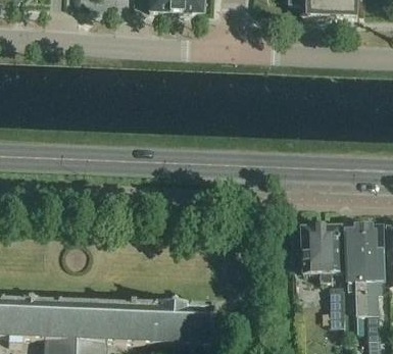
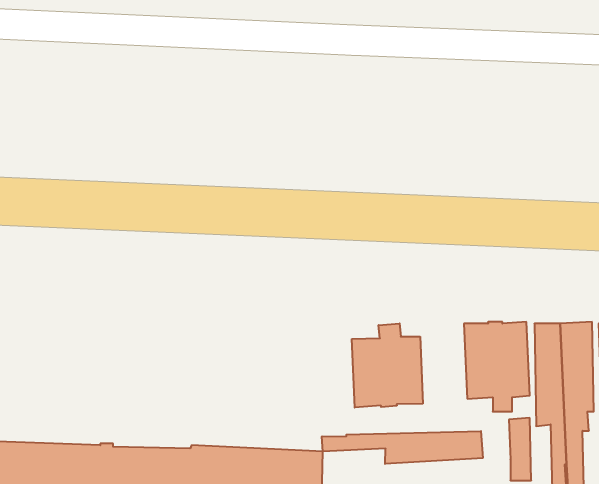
building: none -> [352,323,423,408]
building: none -> [322,431,483,464]

